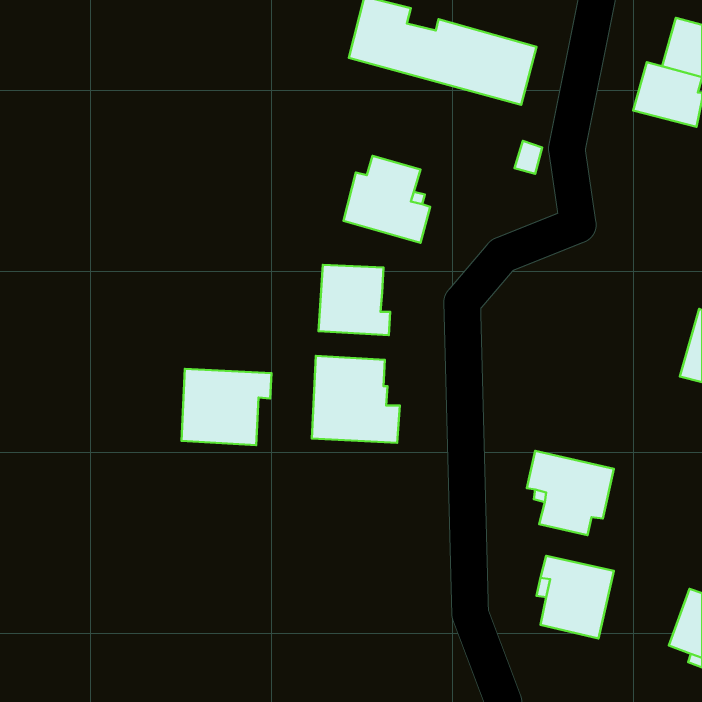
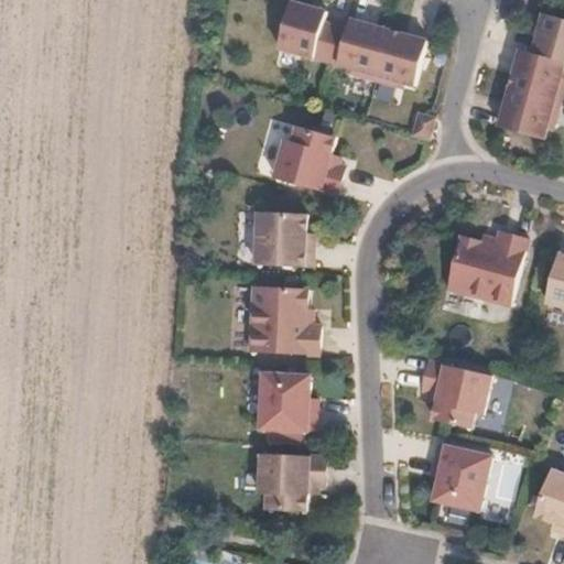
building: none -> [496,88,556,139]
building: none -> [444,230,527,305]
building: [181,369,272,445] -> none
building: none -> [260,372,315,431]
building: none -> [259,453,325,511]

